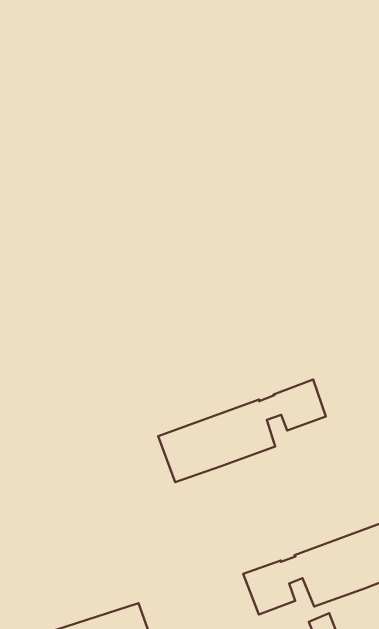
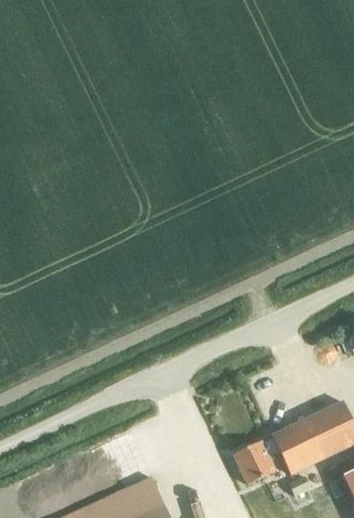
building: [158,380,326,482] -> none

